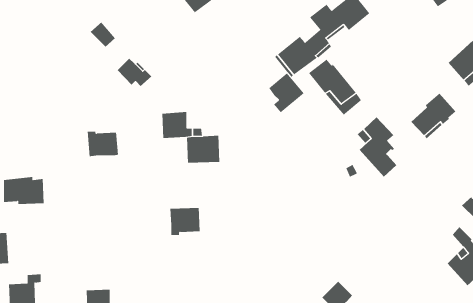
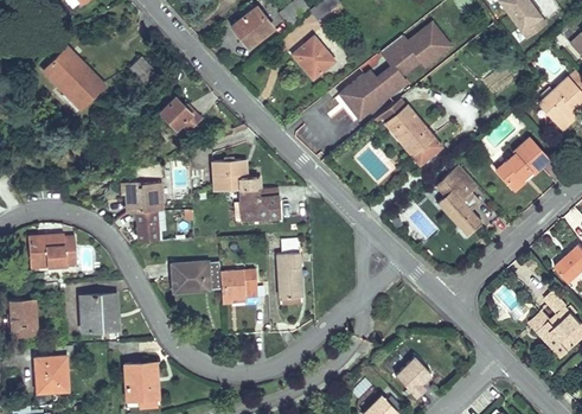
building: none -> [299,37,334,79]
building: none -> [43,47,103,110]
building: [268,73,304,113] -> none
building: none -> [136,210,158,240]
building: none -> [277,237,301,298]
building: none -> [172,261,222,292]
building: none -> [85,293,117,330]

